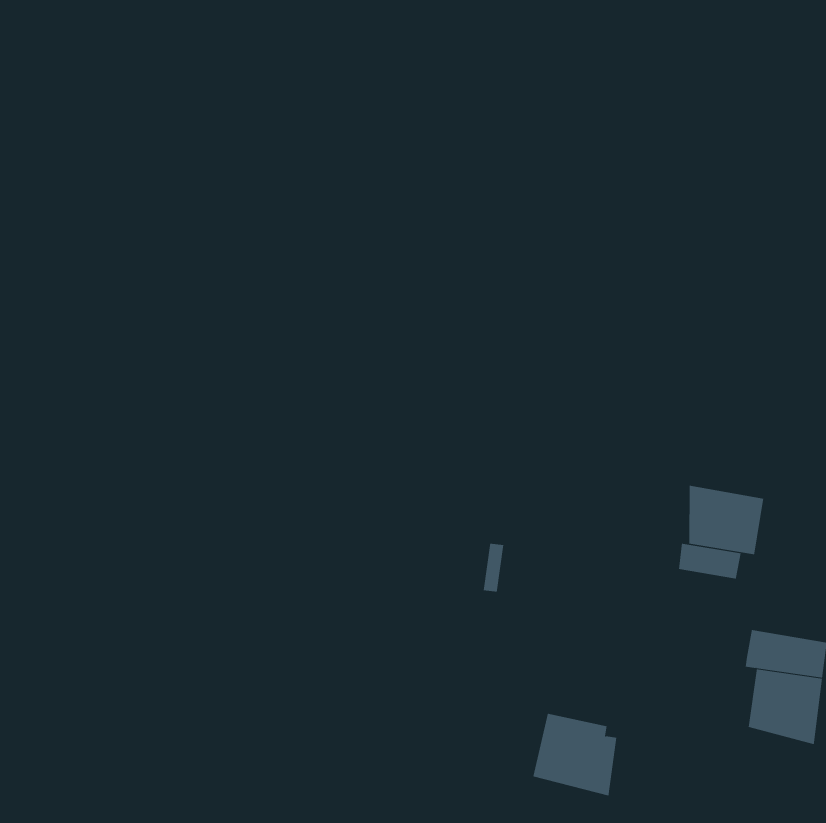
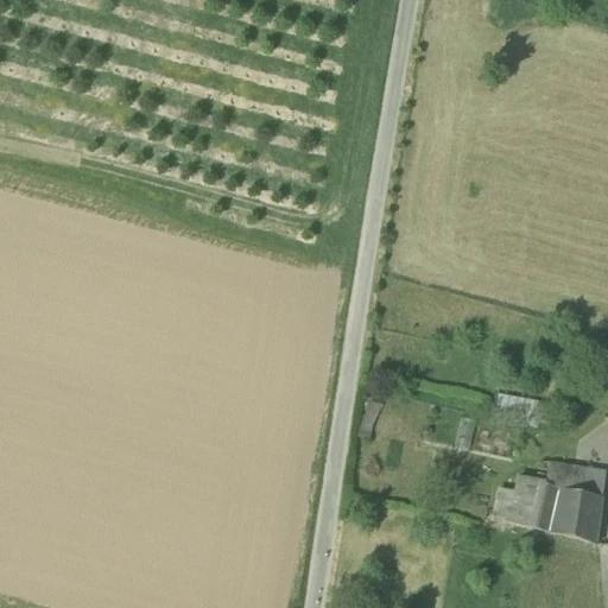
building: [689,485,764,555] -> none
building: [533,713,617,796] -> [494,470,556,531]

